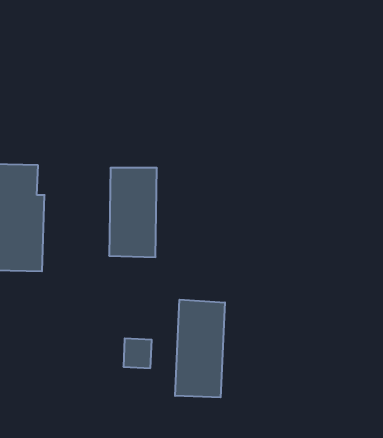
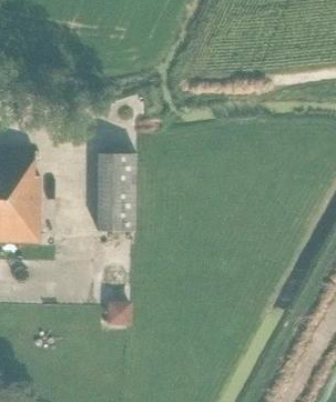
building: [175,300,225,397] -> none

